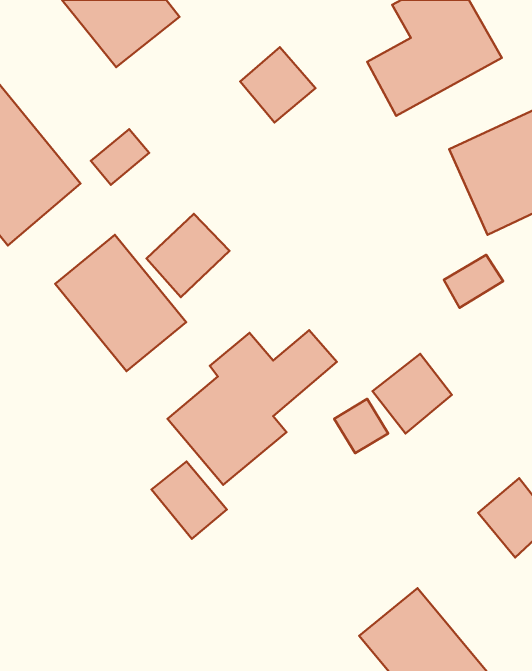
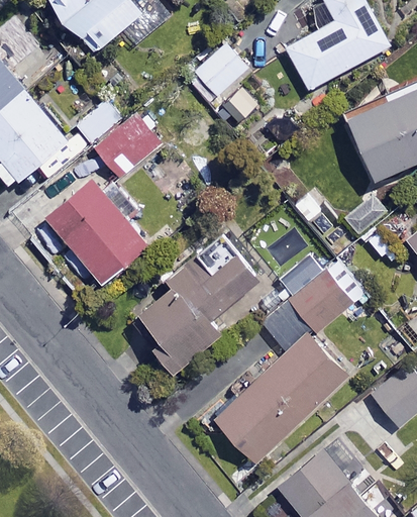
building: [146,214,230,297] -> [97,112,161,176]
building: none -> [216,333,347,461]
building: [152,461,227,539] -> none

